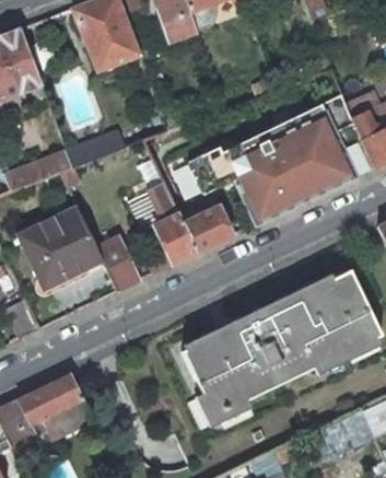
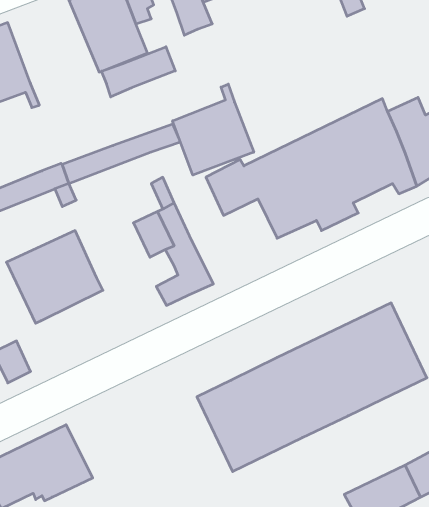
building: none -> [102,47,175,97]
building: none -> [173,84,254,175]
building: [178,199,231,254] -> none
building: [96,237,139,291] -> none

